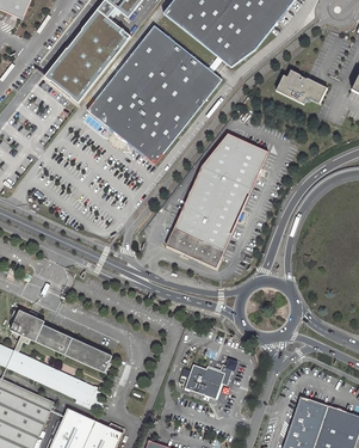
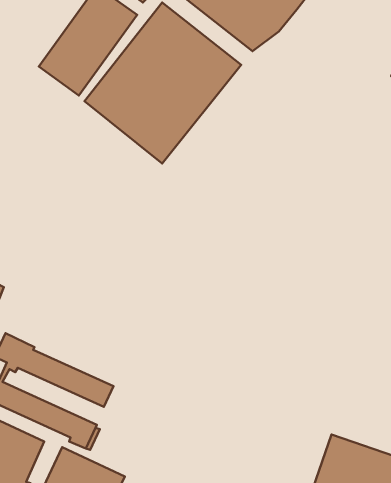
building: [274,70,326,105] -> none
building: [166,133,268,266] -> none
building: [180,358,237,399] -> none

